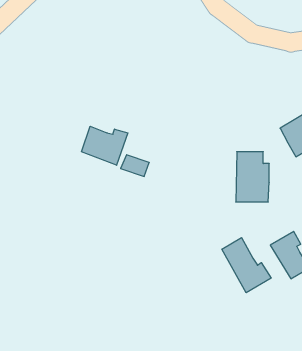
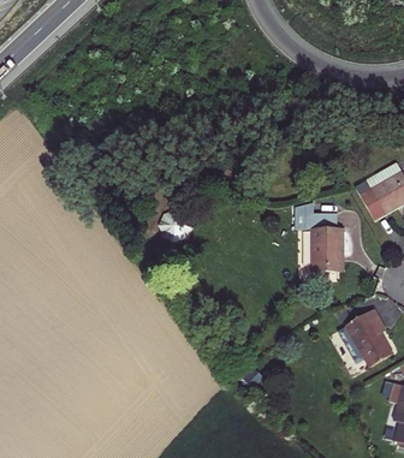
building: [81,126,128,165] -> none
building: [222,238,271,293] -> none

